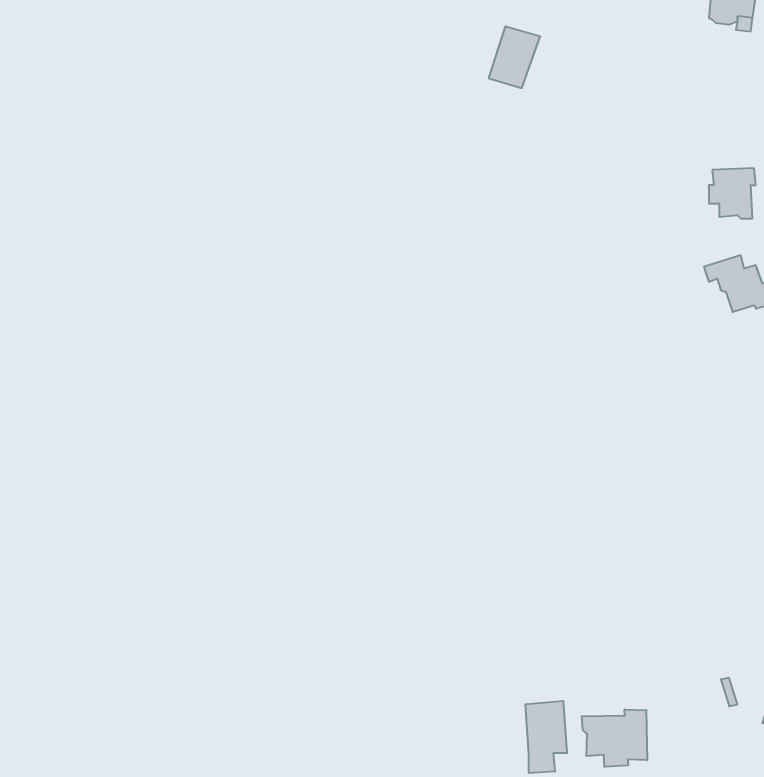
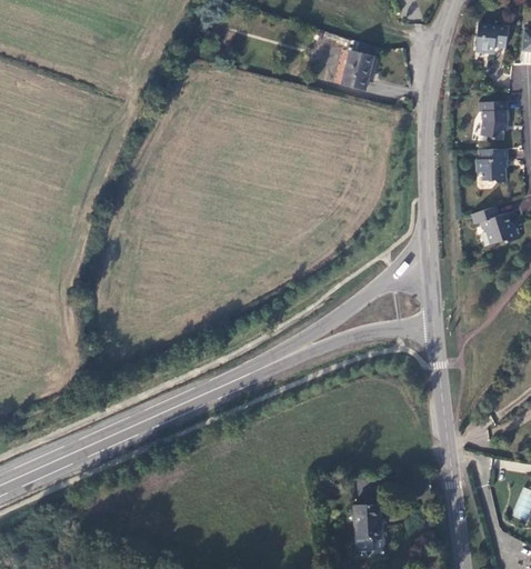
building: none -> [480,102,508,141]
building: [582,709,647,767] -> none

